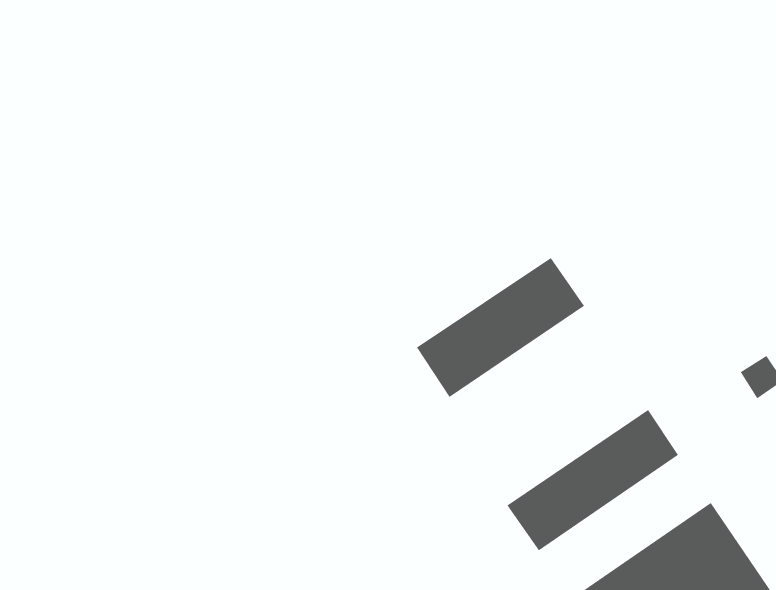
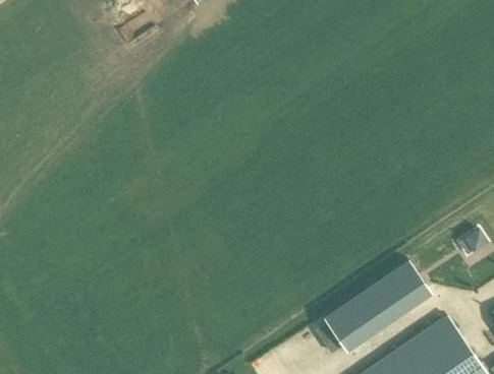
building: [416,257,585,398] -> none

